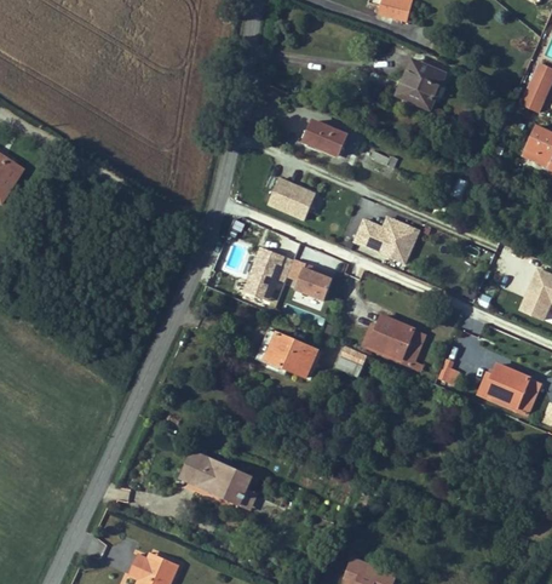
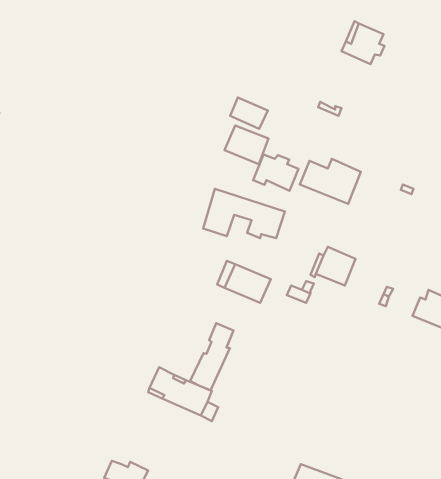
building: [305,120,347,155] -> [230,98,268,129]
building: none -> [253,154,299,191]
building: [399,327,427,371] -> none
building: none -> [190,323,234,390]

